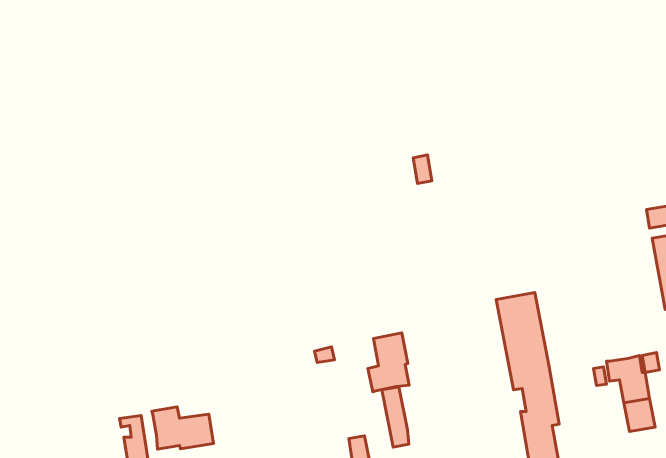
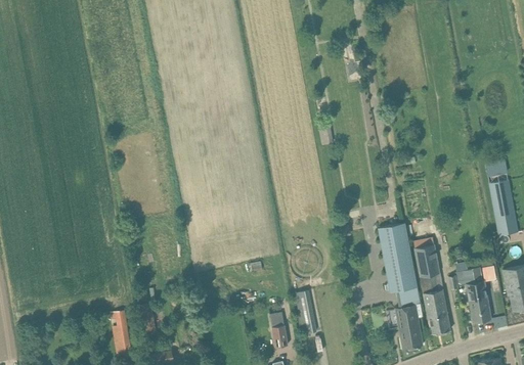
building: none -> [413,237,450,334]
building: [368,333,409,392] -> none
building: [152,407,213,449] -> none

